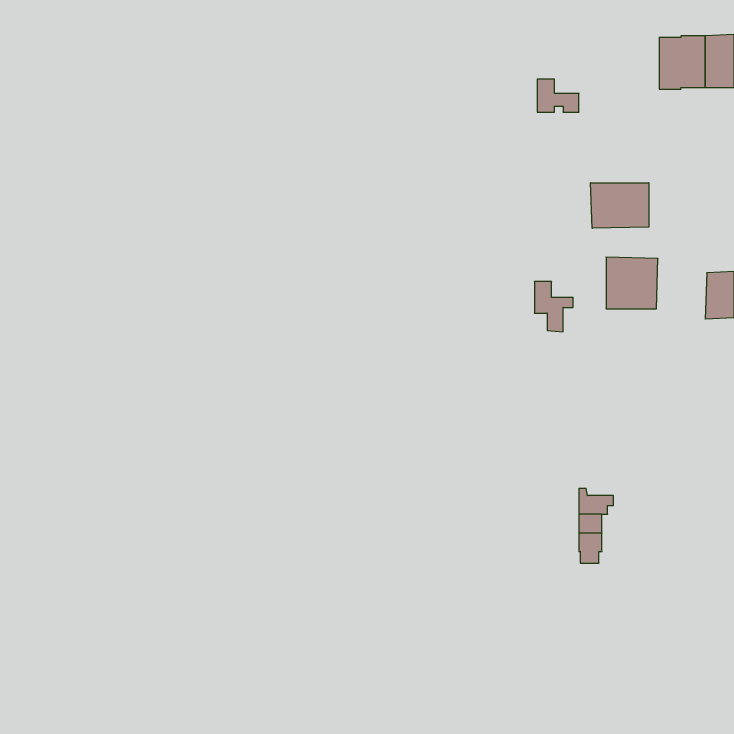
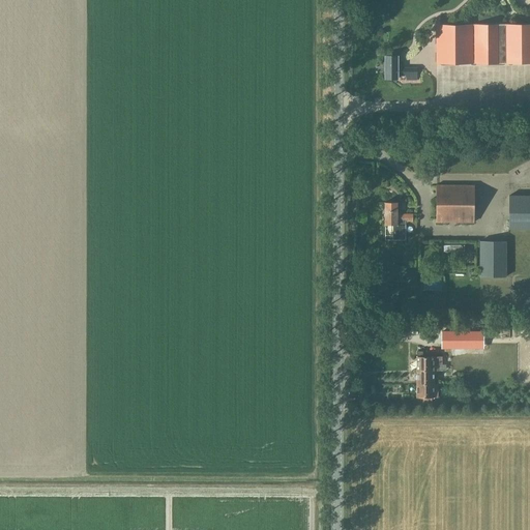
building: none -> [437,27,475,64]
building: [591,183,649,228] -> none
building: none -> [479,241,514,277]
building: none -> [442,331,483,348]

